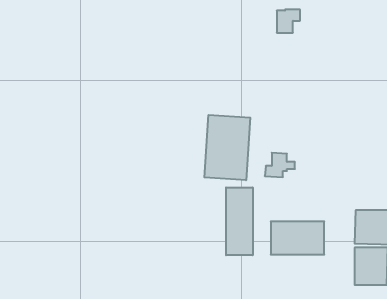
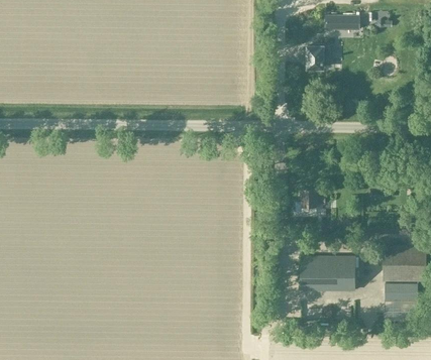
building: [204,115,250,180] -> none
building: [226,187,253,255] -> none

